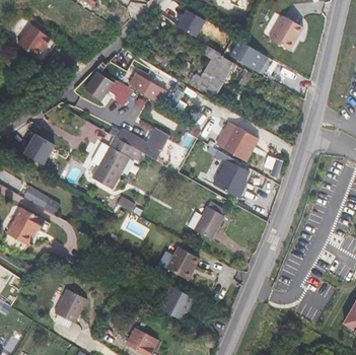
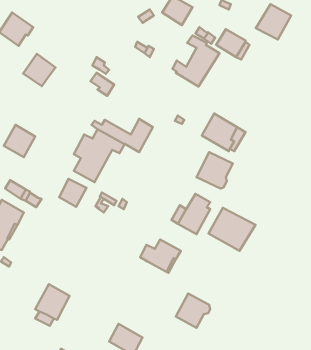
building: [82,69,114,100] -> [23,54,55,86]
building: [128,72,167,104] -> none
building: none -> [59,179,87,207]
building: none -> [208,208,255,251]
building: [159,285,193,318] -> [176,293,210,328]

